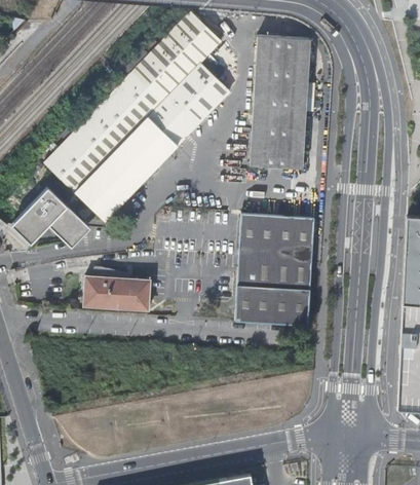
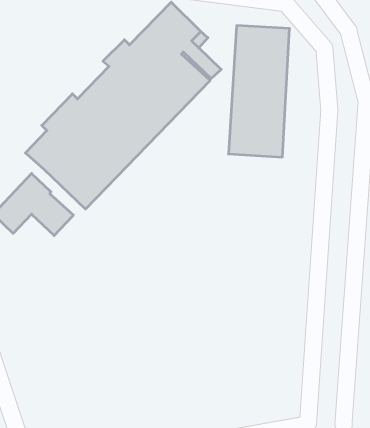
building: [233,213,313,327] -> none
building: [83,273,153,311] -> none

